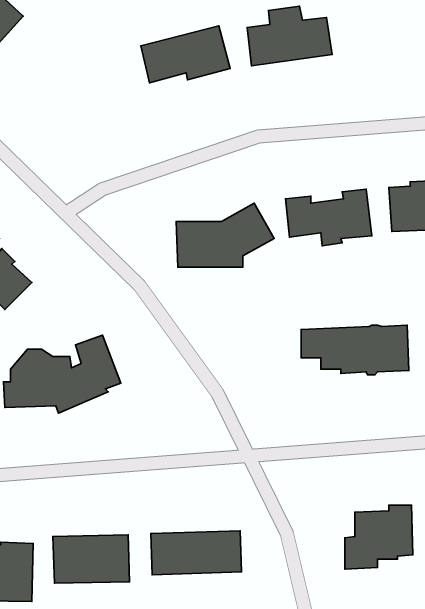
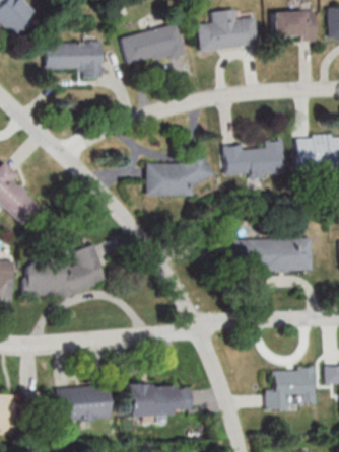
building: none -> [272,10,316,42]
building: none -> [42,41,100,78]

